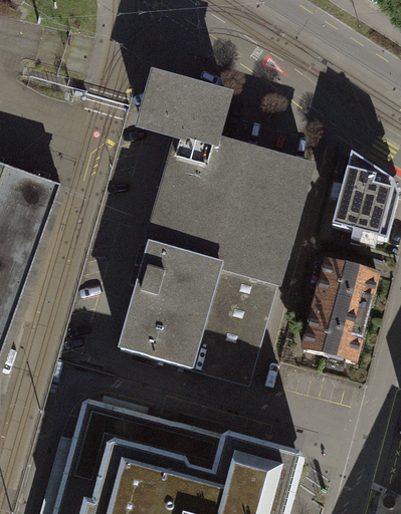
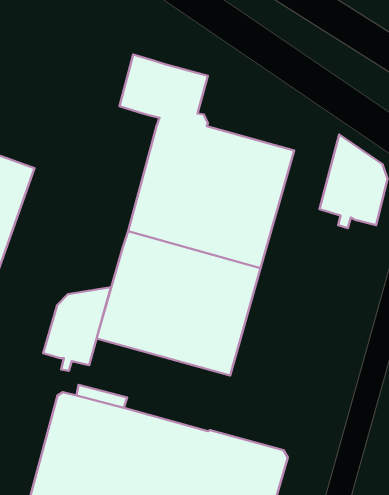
building: [303,260,377,361] -> none
building: none -> [43,287,111,371]

